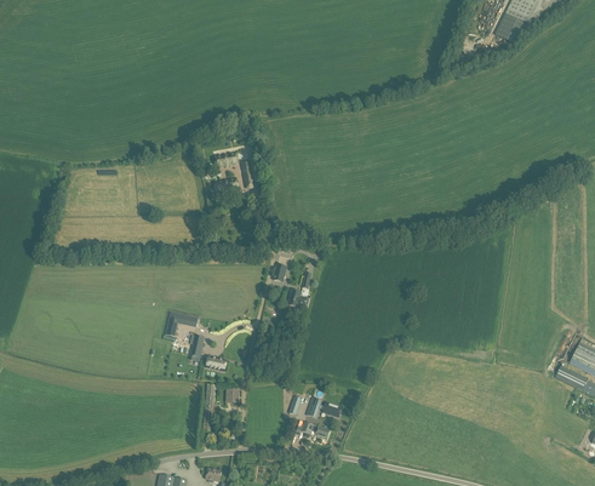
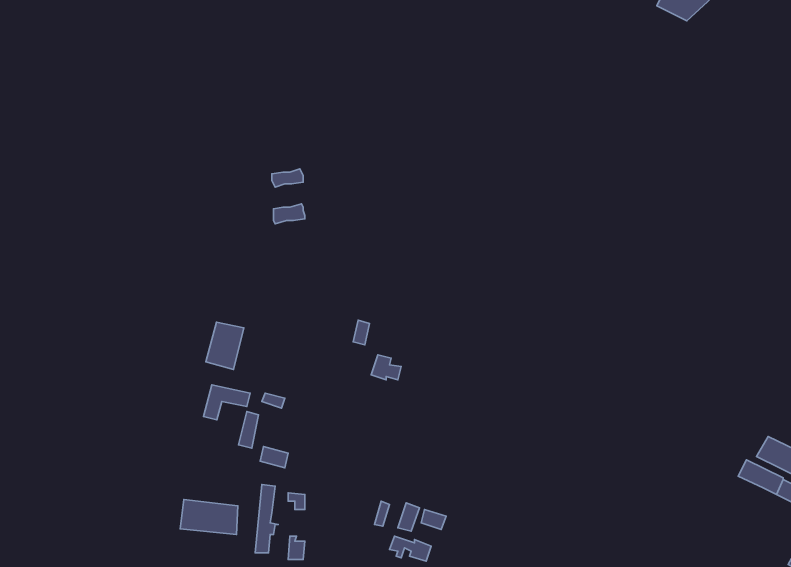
building: none -> [206,322,244,369]
building: none -> [180,500,238,534]

